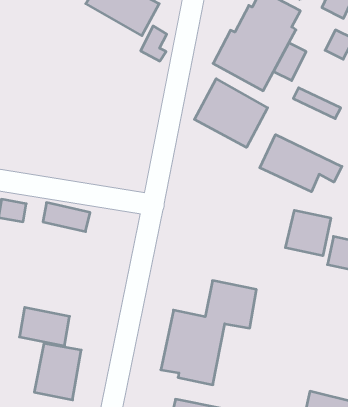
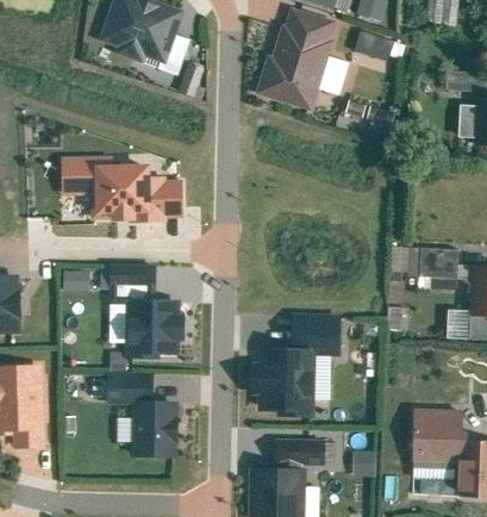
building: [194,79,268,147] -> none
building: none -> [61,157,182,224]
building: [260,135,342,192] -> none
building: [285,210,331,256] -> none
building: none -> [126,301,179,356]

